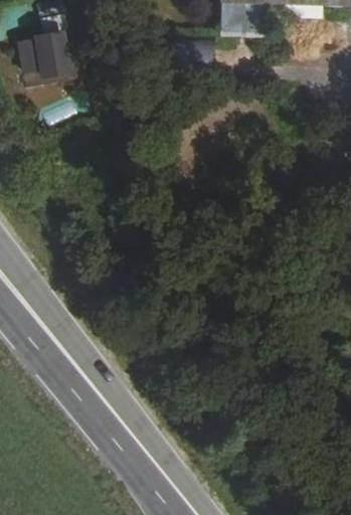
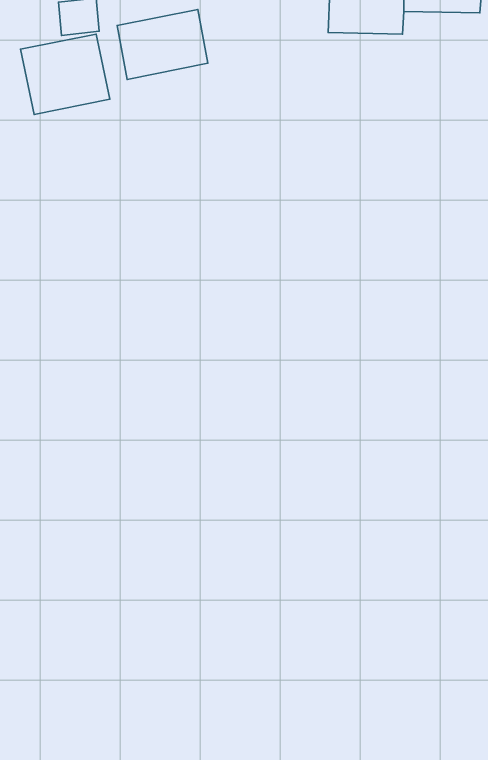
building: none -> [117,9,208,79]

